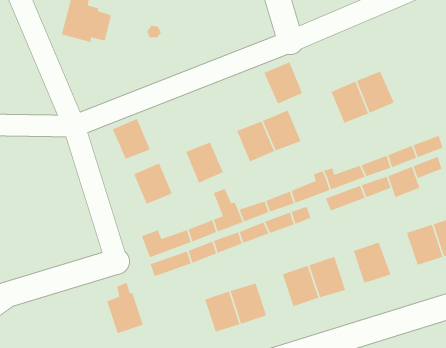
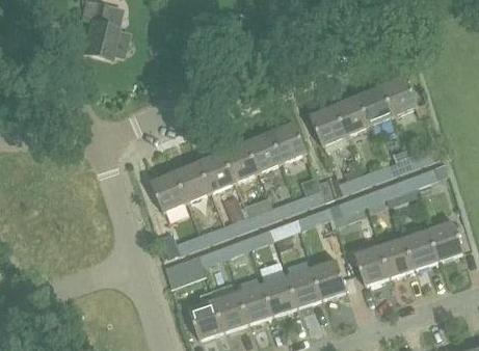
building: none -> [381,75,428,115]
building: [263,61,303,105] -> [310,105,347,145]
building: [112,118,151,160] -> [175,161,211,200]
building: none -> [222,141,259,181]
building: none -> [380,237,416,276]
building: none -> [265,275,299,315]
building: [106,282,144,334] -> [191,290,227,339]

